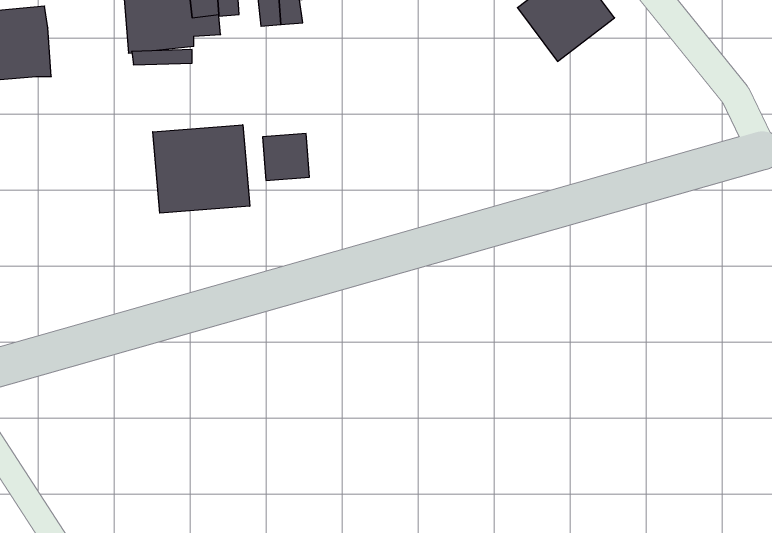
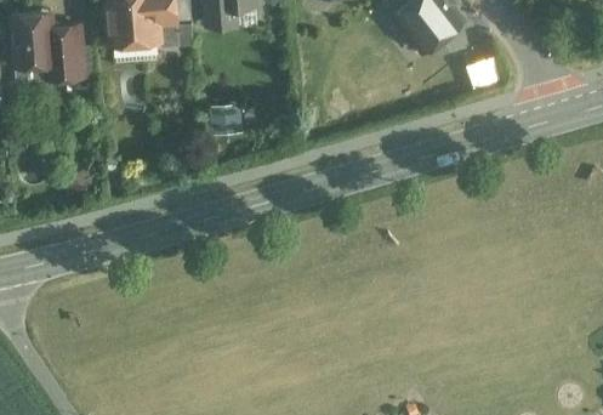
building: none -> [45,25,85,80]
building: [153,125,250,213] -> none

